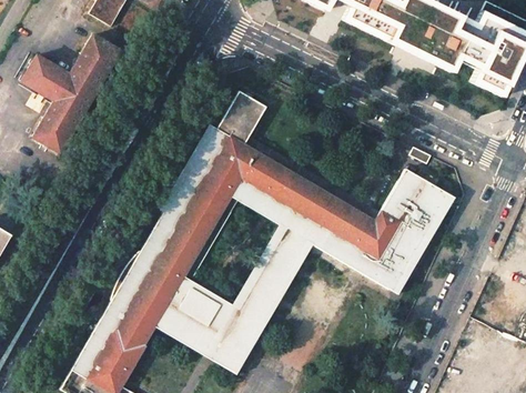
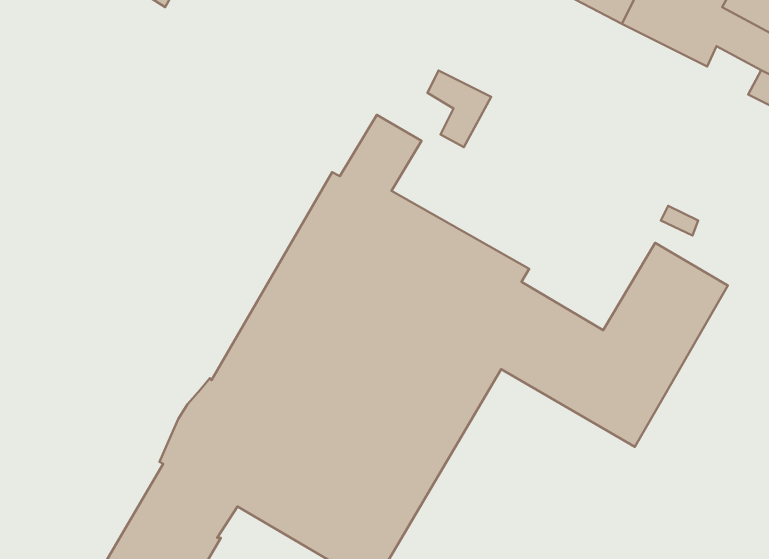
building: [23,34,122,152] -> none
building: none -> [428,71,491,147]

